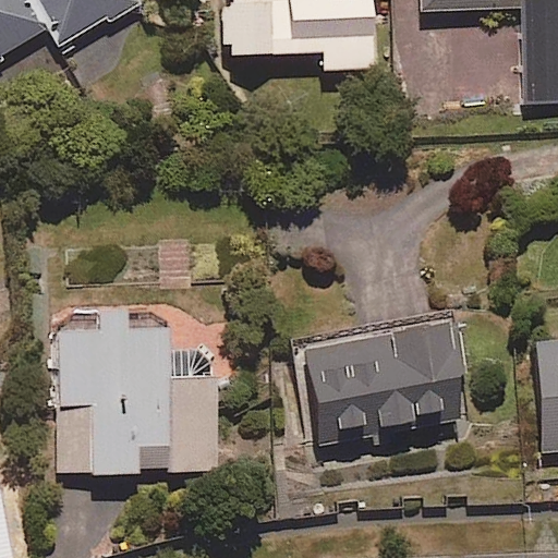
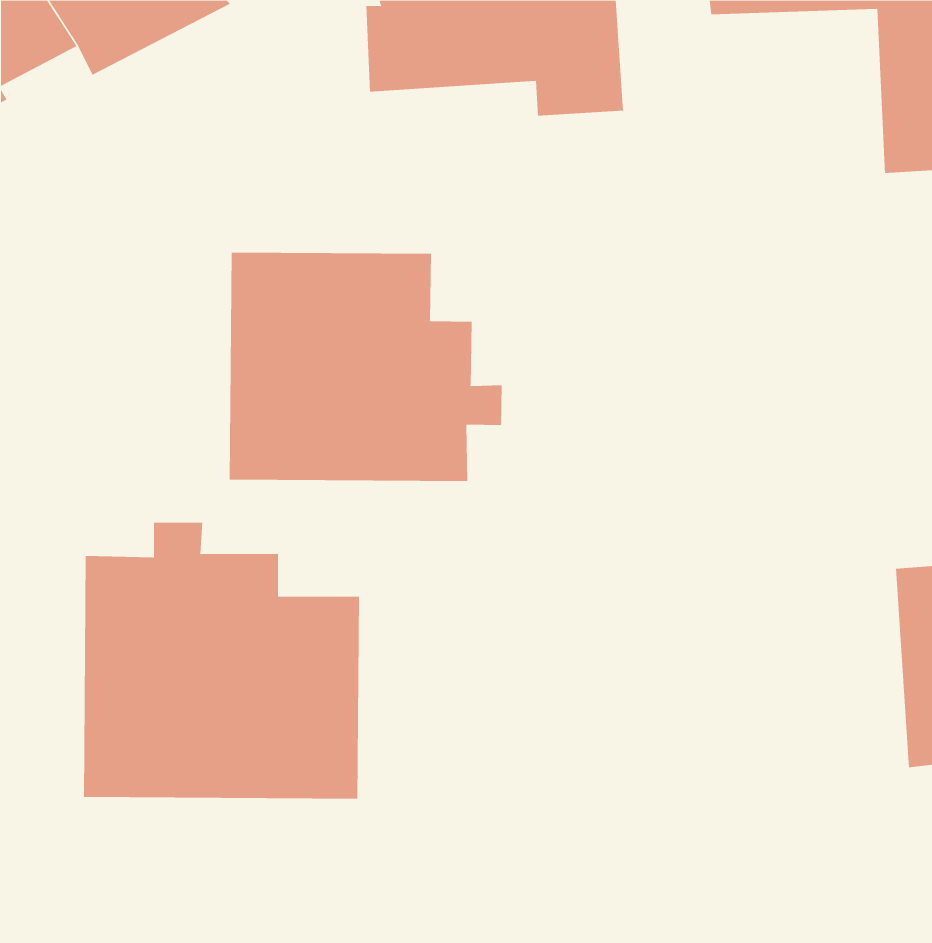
building: none -> [229,252,502,482]
building: [296,319,465,440] -> none

